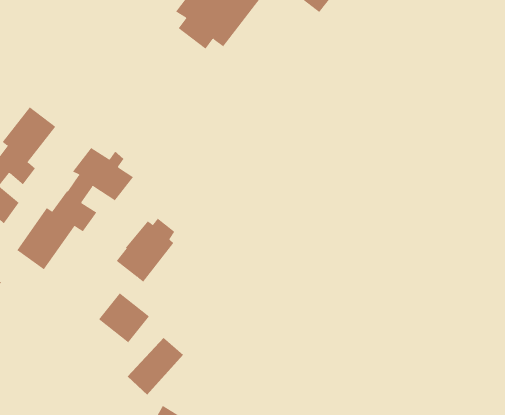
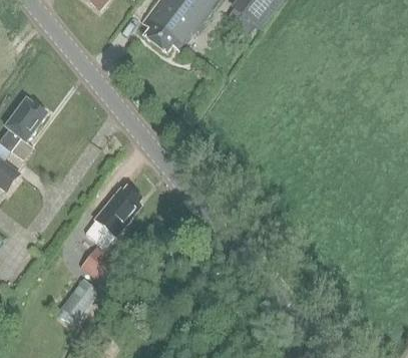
building: [16,147,134,270] -> none
building: [127,337,184,395] -> [57,276,102,322]

